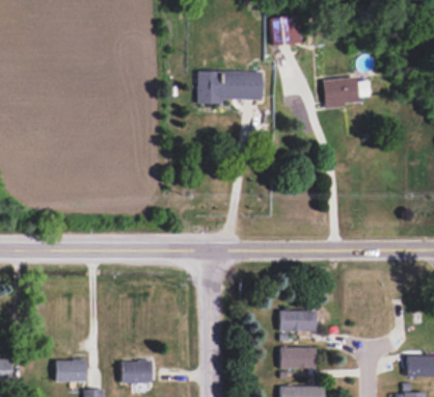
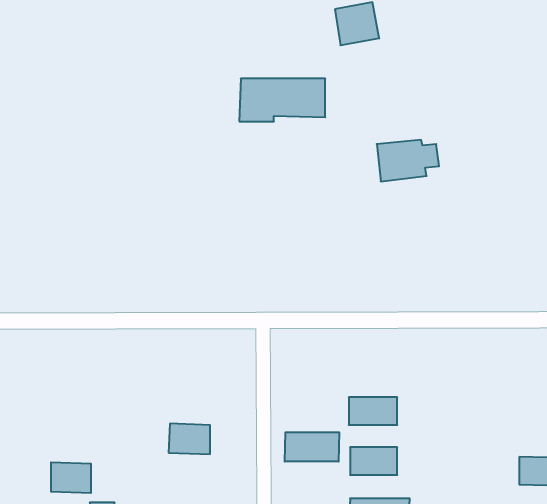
building: [323,77,370,108] -> [377,140,439,181]
building: none -> [285,432,339,462]
building: [121,361,153,383] -> [169,424,210,454]

